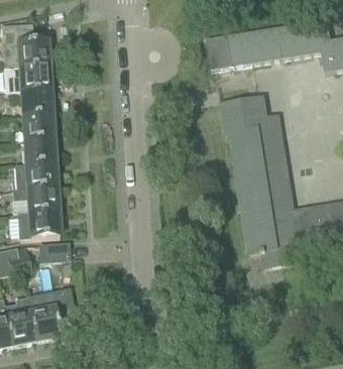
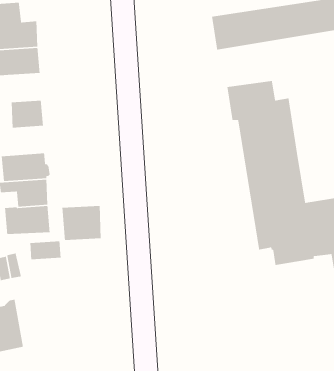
building: [20,90,50,116] -> none
building: [23,138,53,164] -> none
building: none -> [62,205,102,241]
building: [26,288,75,341] -> none

